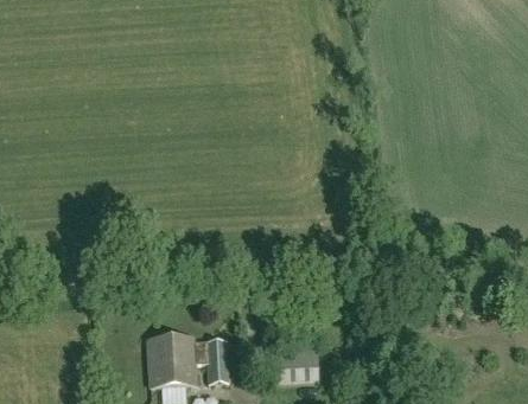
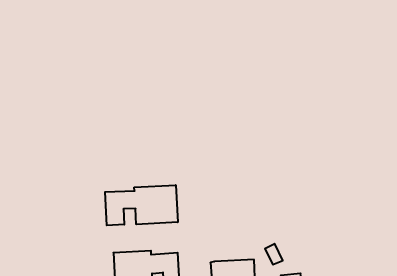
building: none -> [105,185,178,225]

